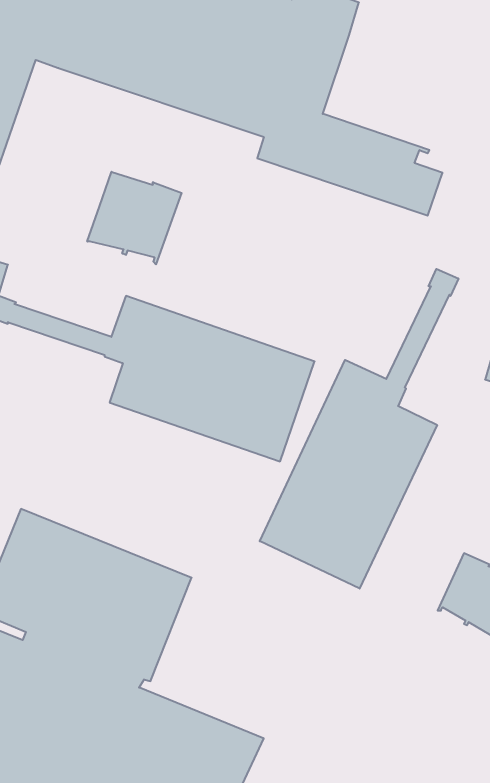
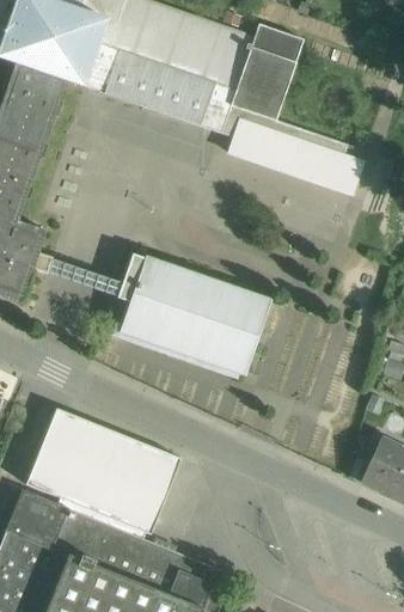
building: [87,172,182,264] -> none
building: [260,269,458,589] -> none

